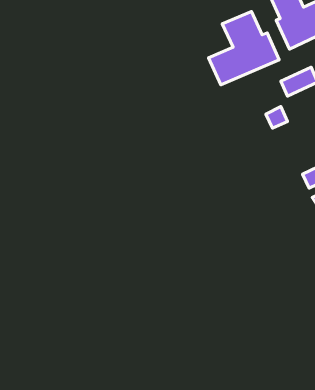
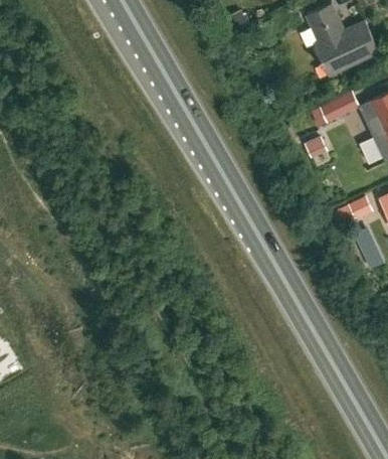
building: [209,11,279,85] -> none

